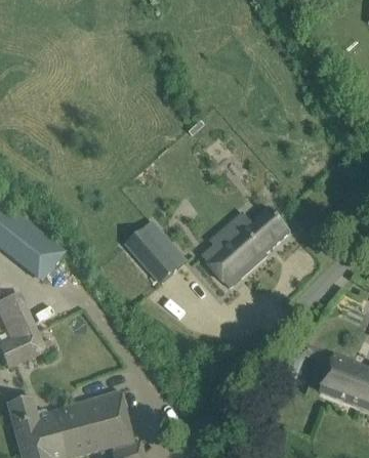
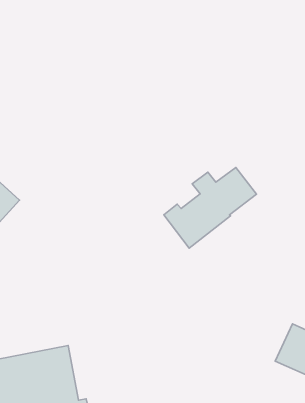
building: [125,222,177,283] -> none

